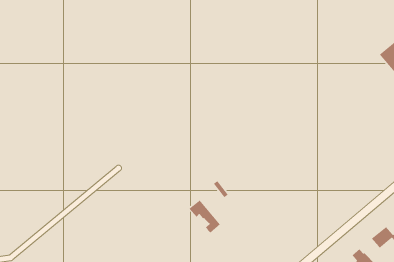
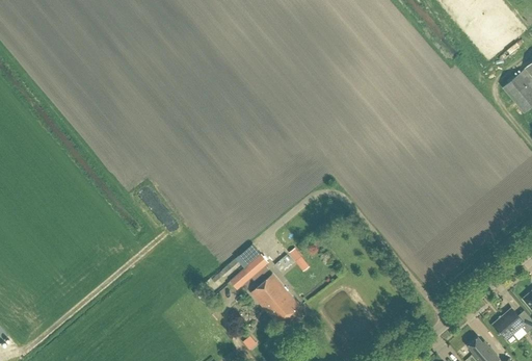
building: none -> [230,255,268,290]
building: none -> [250,286,286,325]

